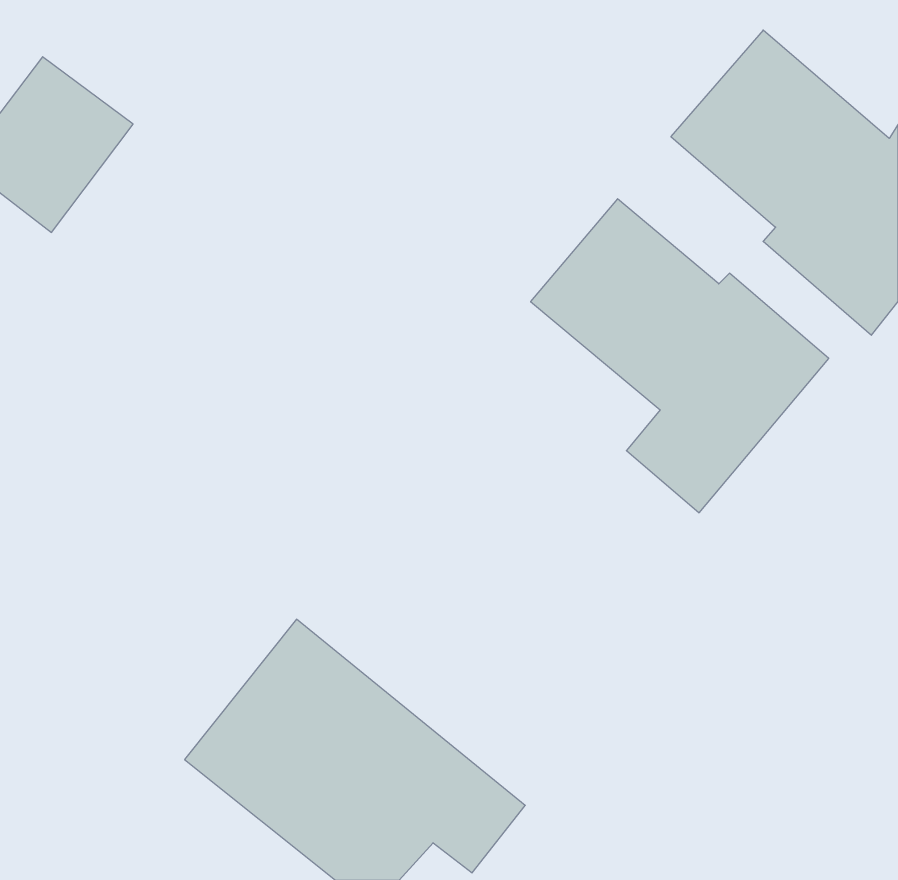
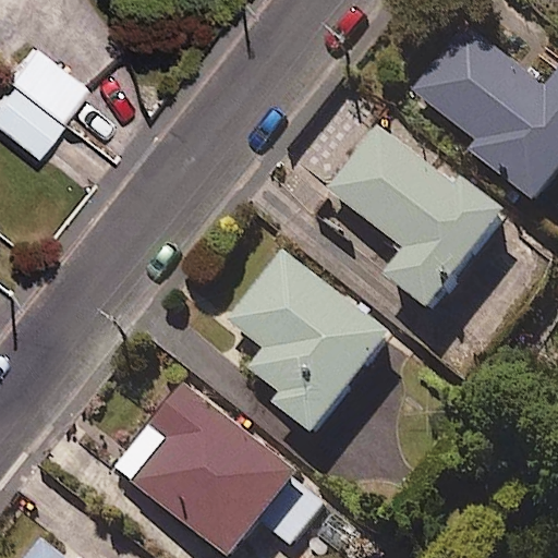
building: none -> [229,251,392,437]

